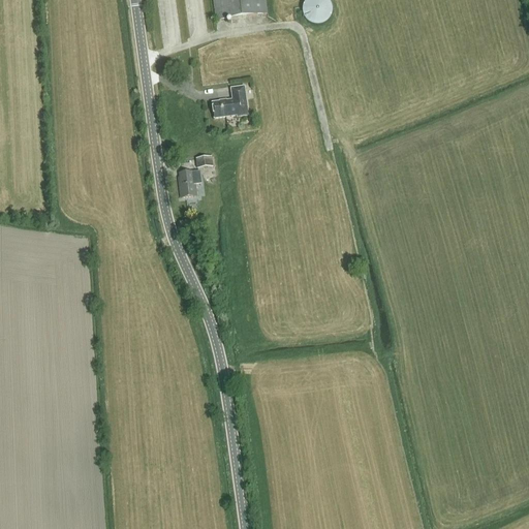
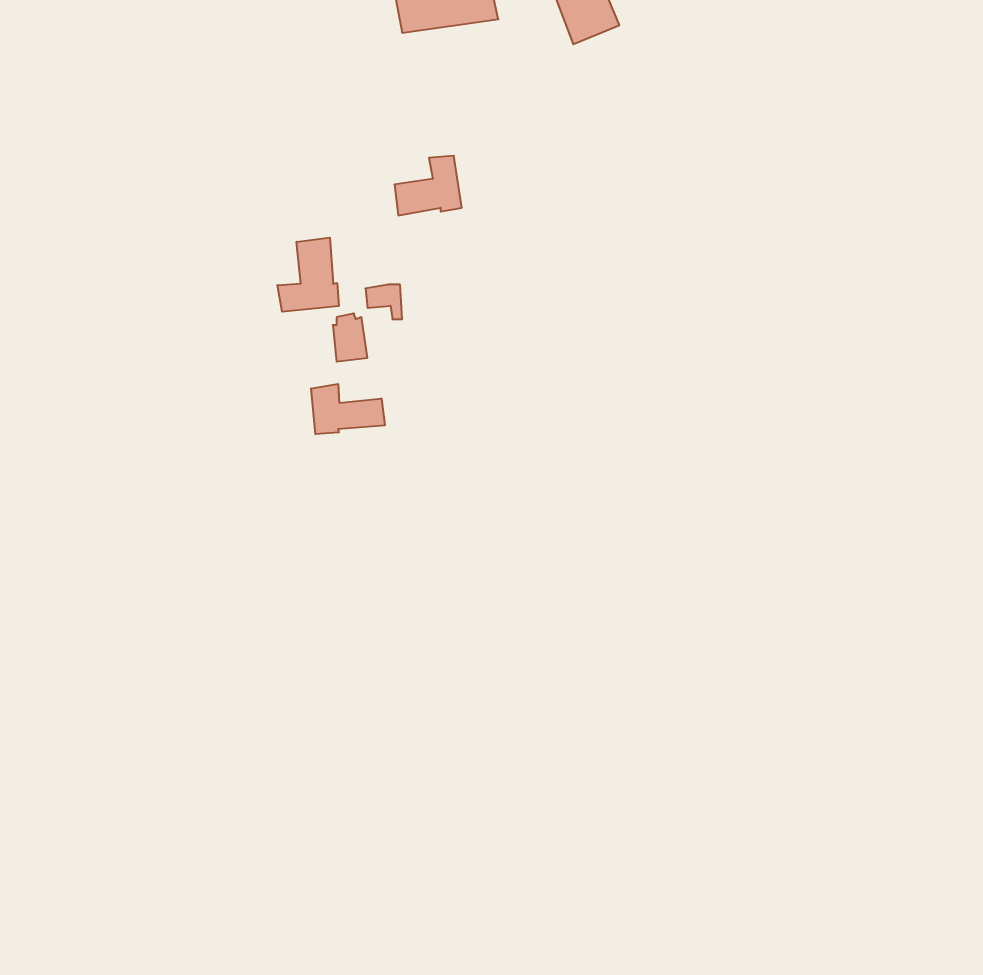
building: none -> [277,238,339,312]
building: none -> [311,384,385,434]

